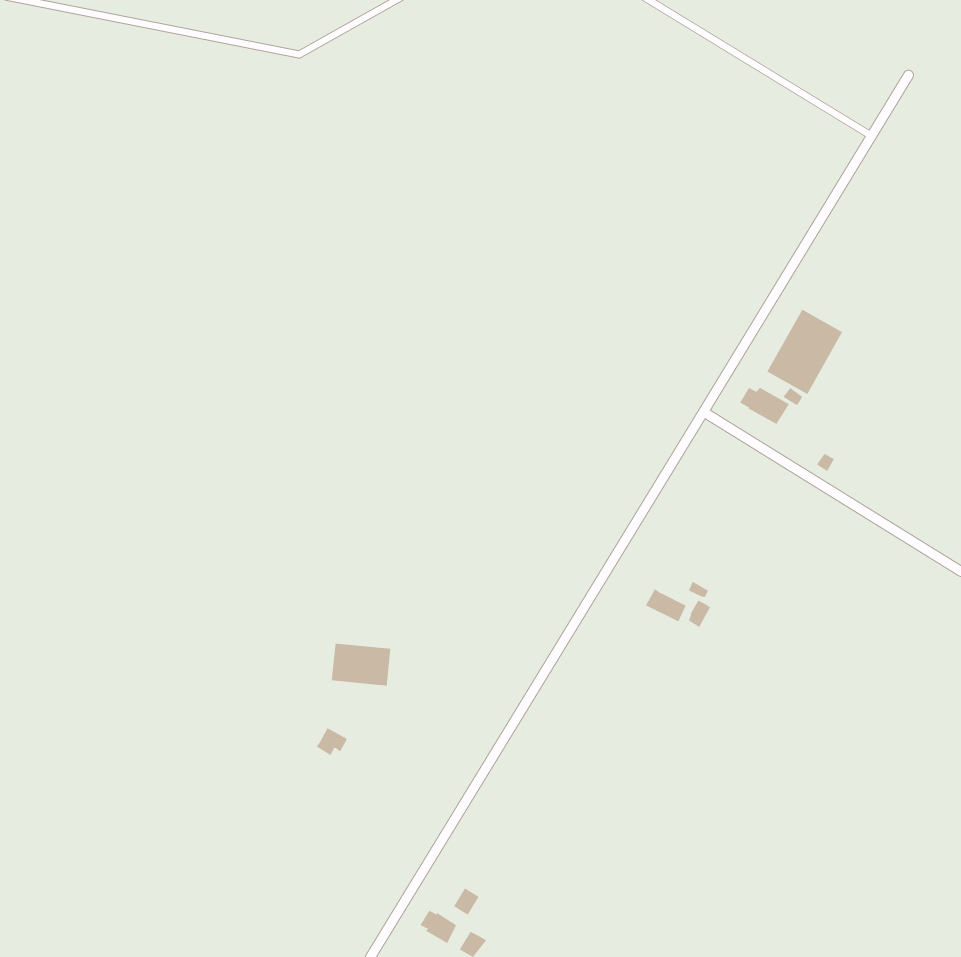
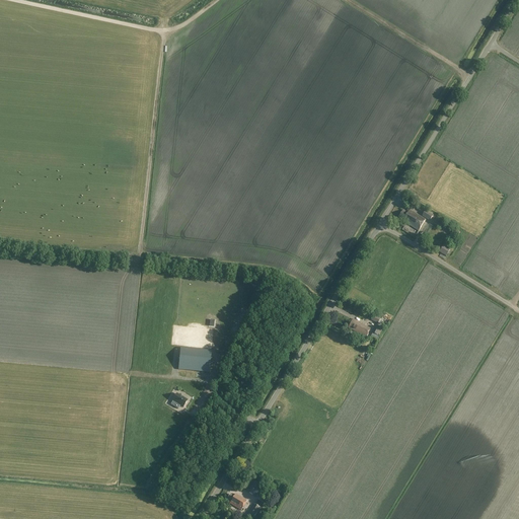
building: [767,309,843,395] -> none

